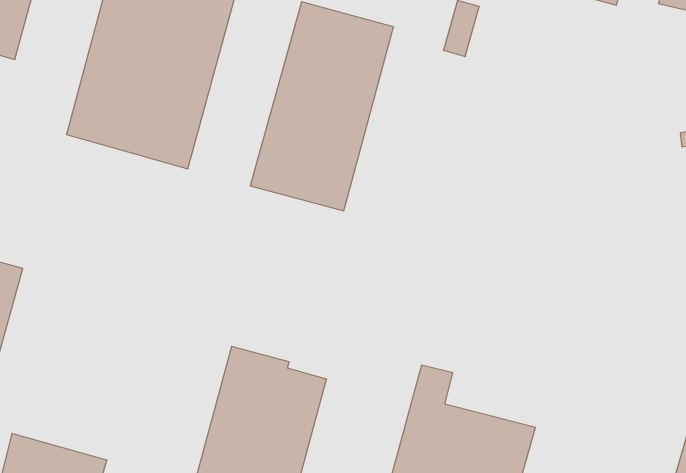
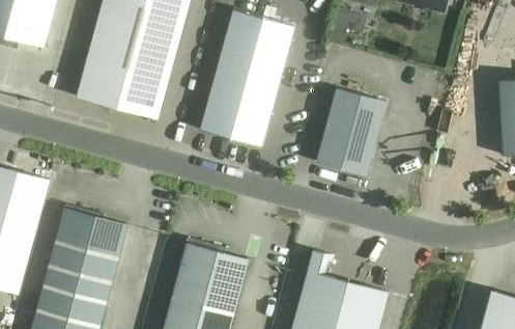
building: none -> [316,88,385,175]
building: none -> [40,204,127,313]

